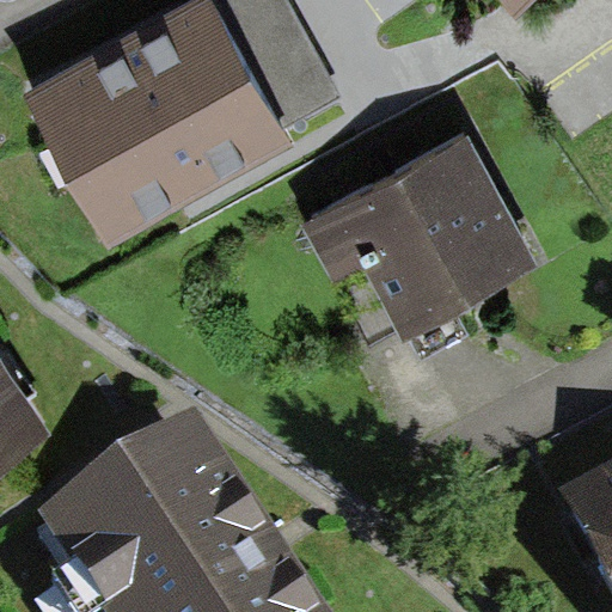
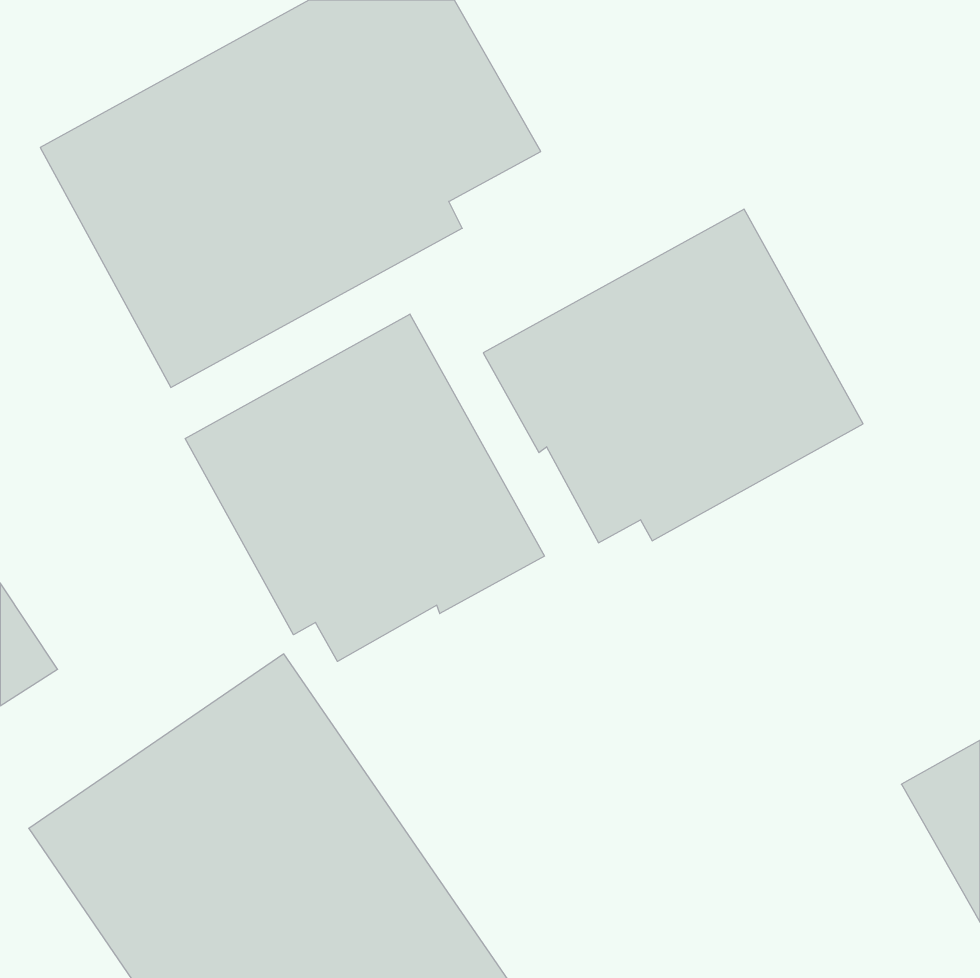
building: none -> [185,314,544,661]

